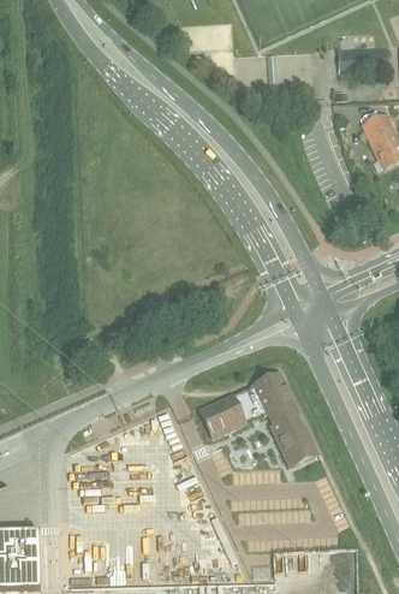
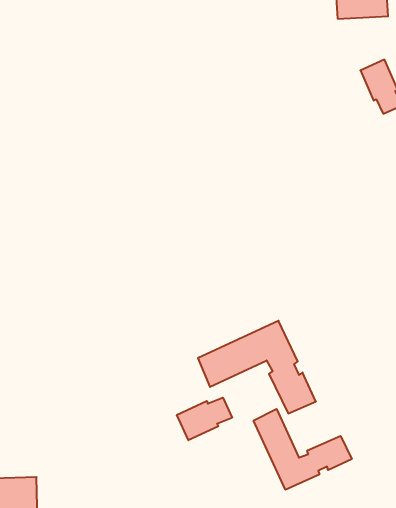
building: none -> [177,398,232,440]
building: none -> [254,409,352,490]

